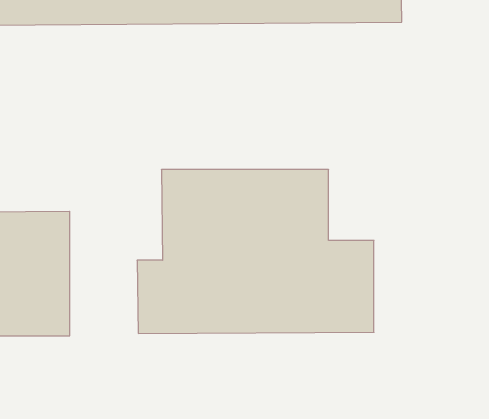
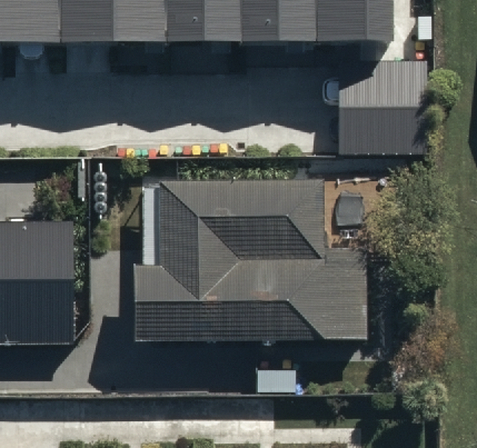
building: none -> [340,63,426,152]

